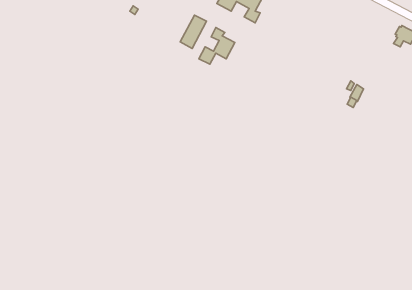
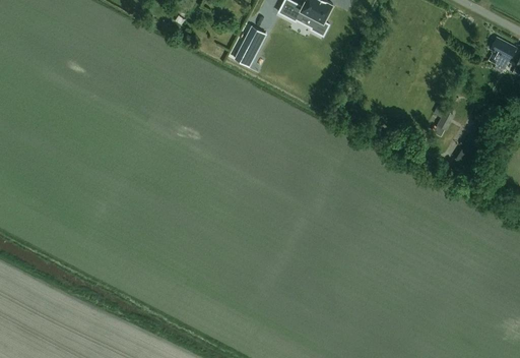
building: [199,28,235,64] -> none

